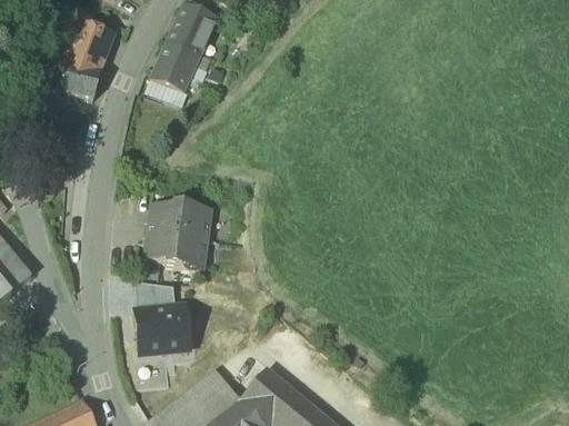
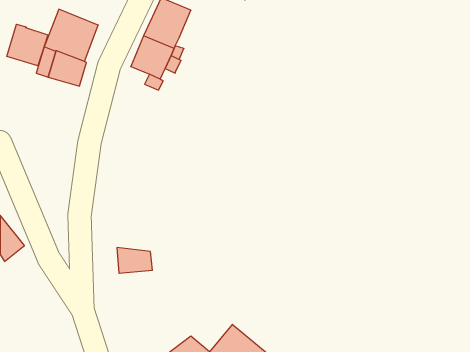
building: none -> [7,24,48,66]
building: [144,206,210,268] -> none
building: [136,305,188,351] -> none

